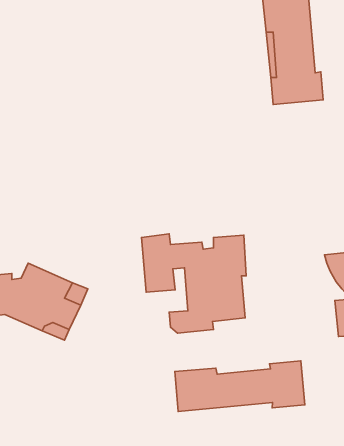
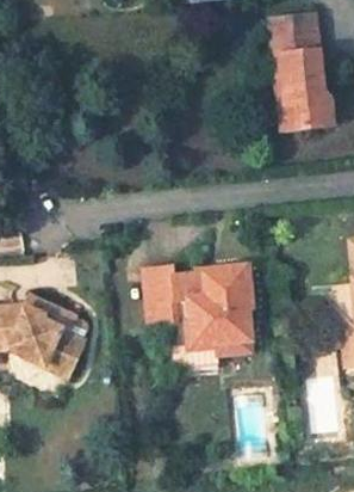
building: [175,361,305,411] -> none

